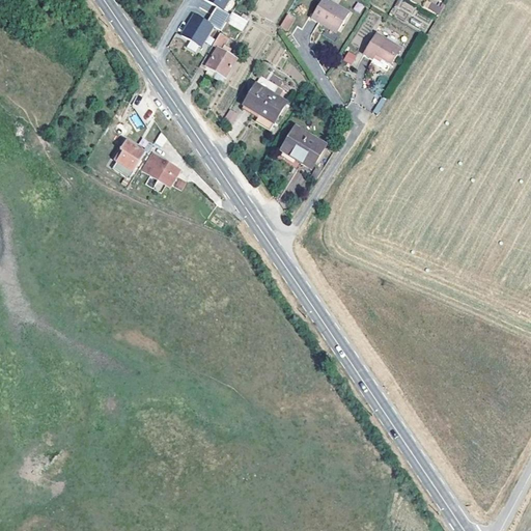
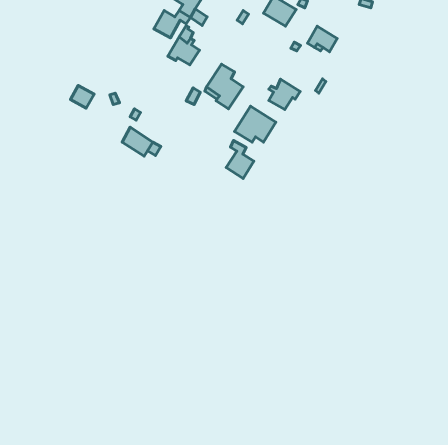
building: none -> [269,79,300,109]
building: [114,139,142,166] -> [70,85,94,108]
building: none -> [226,140,254,179]

